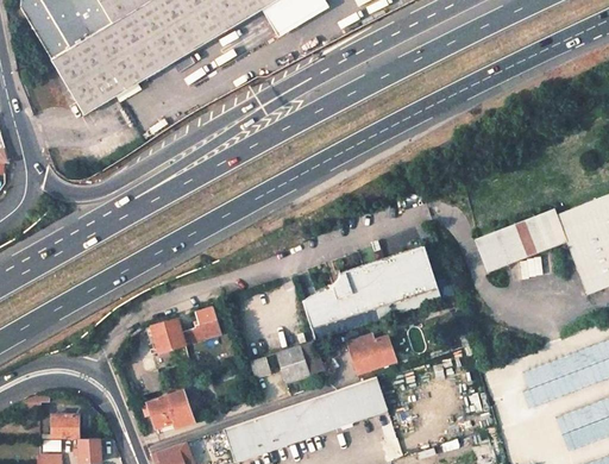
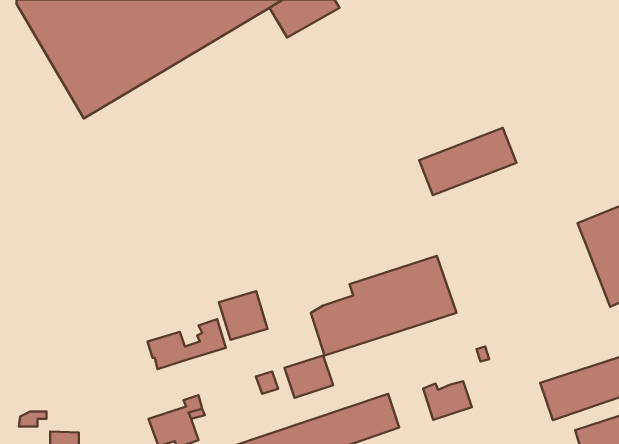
building: [473,208,566,272] -> [419,128,516,195]
building: none -> [219,291,268,340]
building: [349,336,395,372] -> [423,381,472,420]

